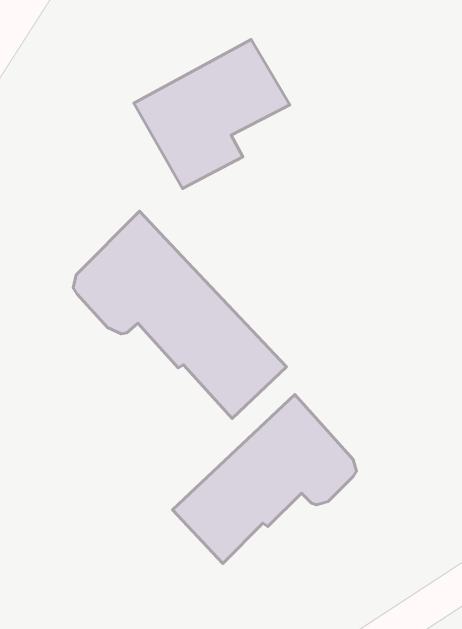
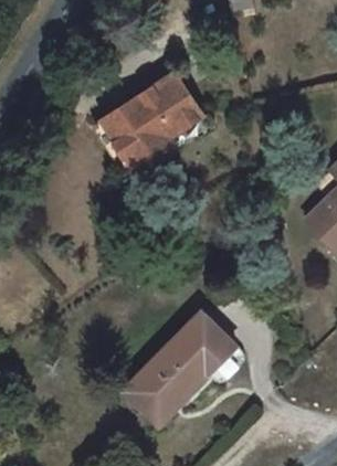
building: [73,211,286,419] -> none

